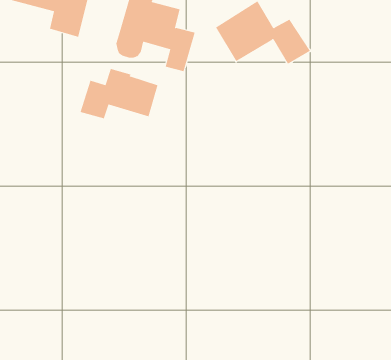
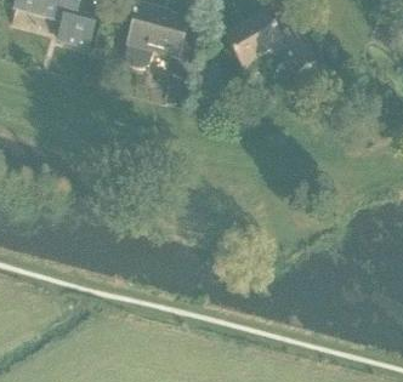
building: [80,68,158,119] -> none

